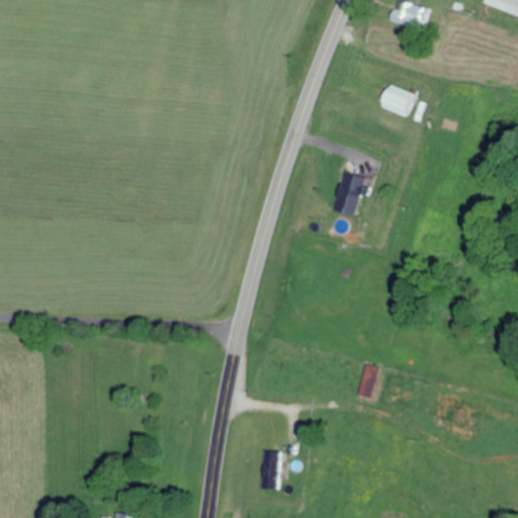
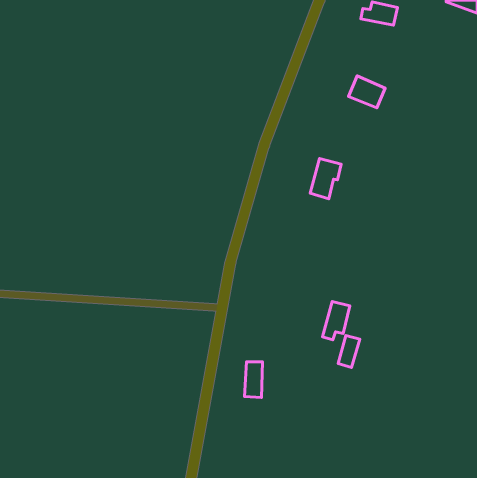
building: none -> [323,301,350,340]
building: [266,450,285,489] -> [245,362,262,397]

